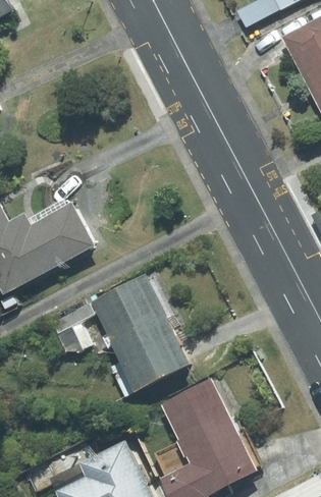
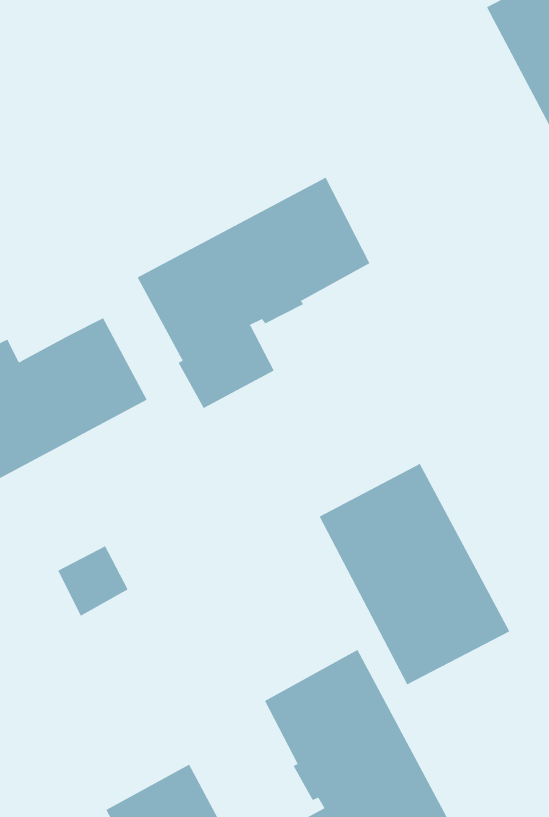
building: none -> [137,177,370,409]
building: [91,273,193,391] -> [319,463,510,685]

